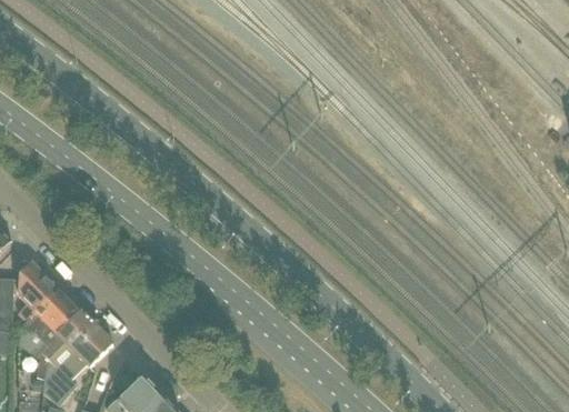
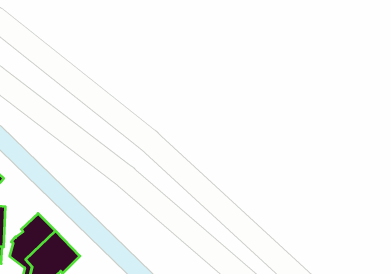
building: [17,262,56,320] -> none

